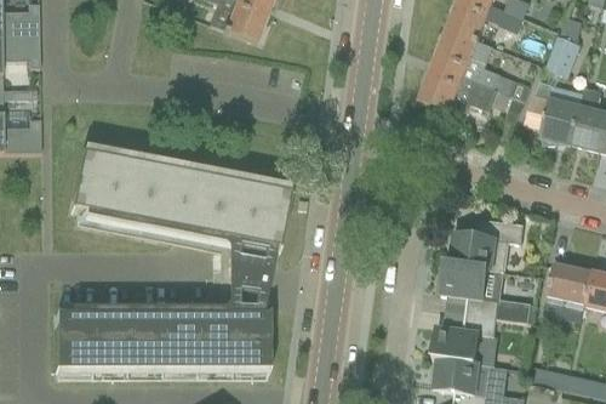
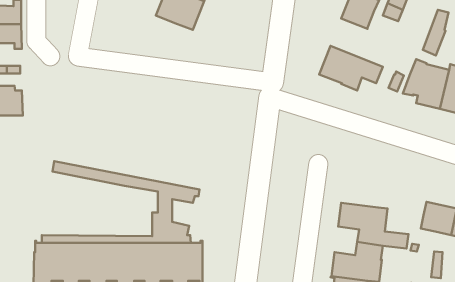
building: [433,29,518,95] -> none
building: [70,155,291,252] -> none
building: [446,220,525,272] -> none
building: [230,260,270,296] -> none

